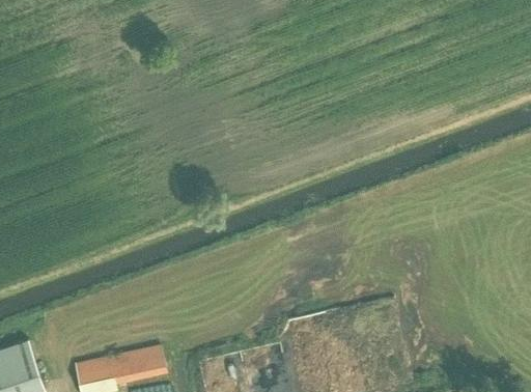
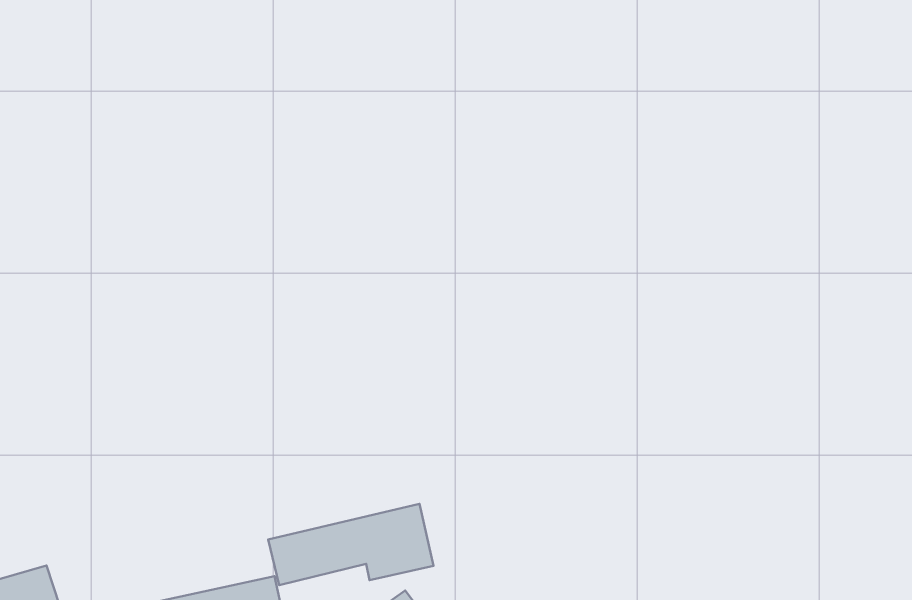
building: none -> [268,504,434,585]

